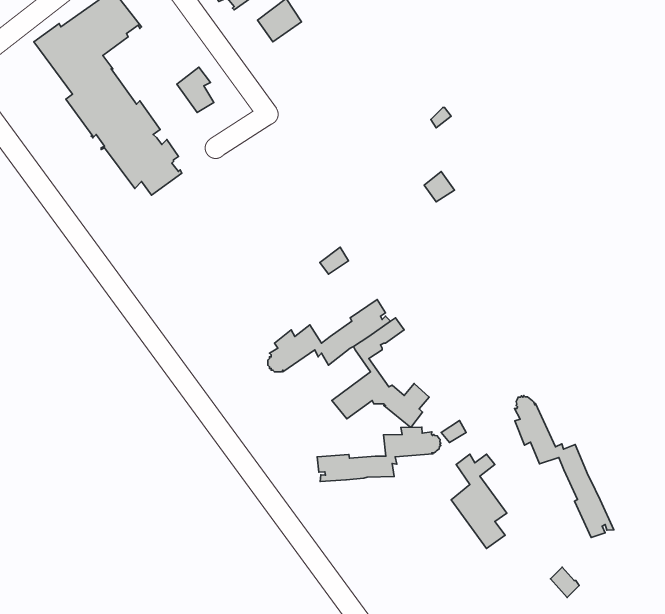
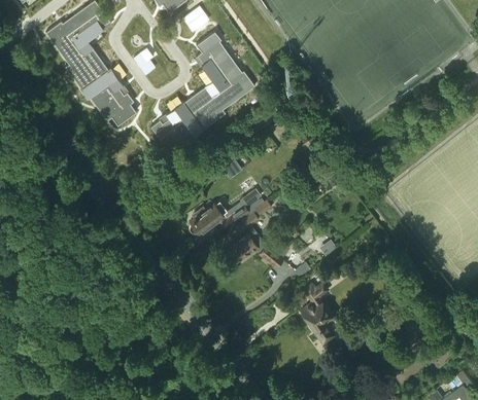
building: none -> [150,32,254,154]
building: [515,396,614,538] -> none
building: [317,427,441,482] -> none

